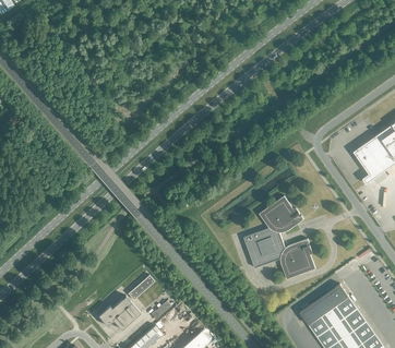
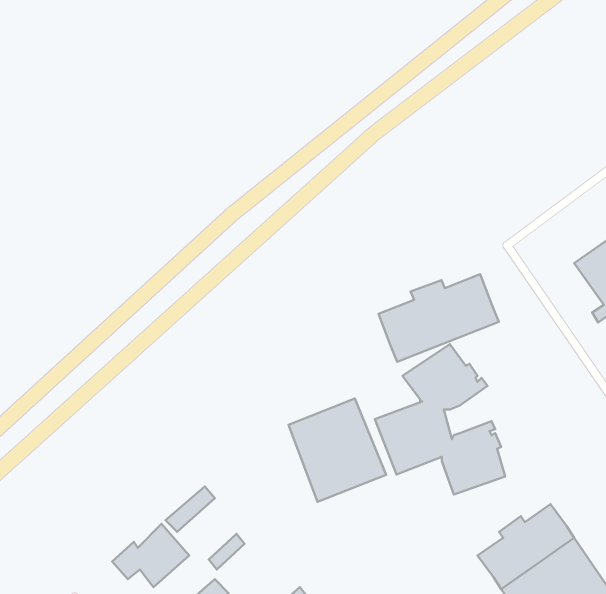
building: none -> [379,274,499,362]
building: none -> [288,398,386,502]

